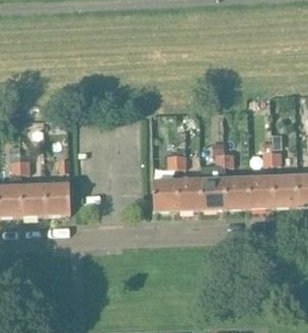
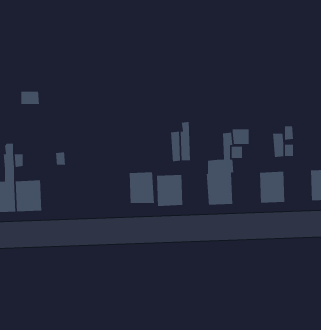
building: [273,176,298,206] -> none
building: [224,178,250,209] -> none
building: [177,179,202,210] -> [129,171,155,204]
building: [46,184,71,215] -> none

